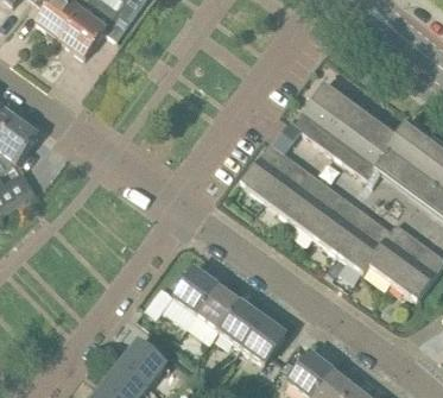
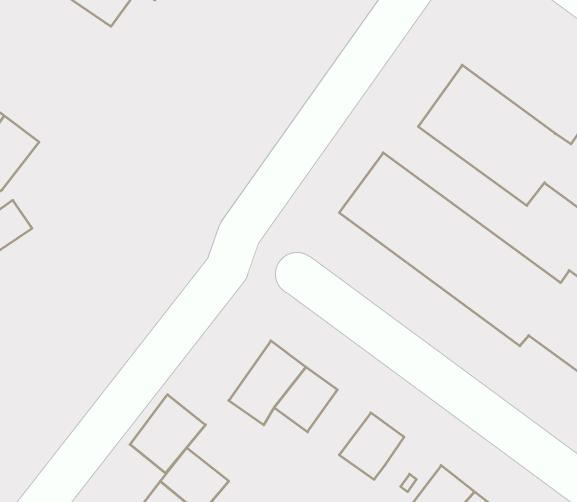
building: [219,302,261,346] -> none
building: none -> [130,395,206,473]

